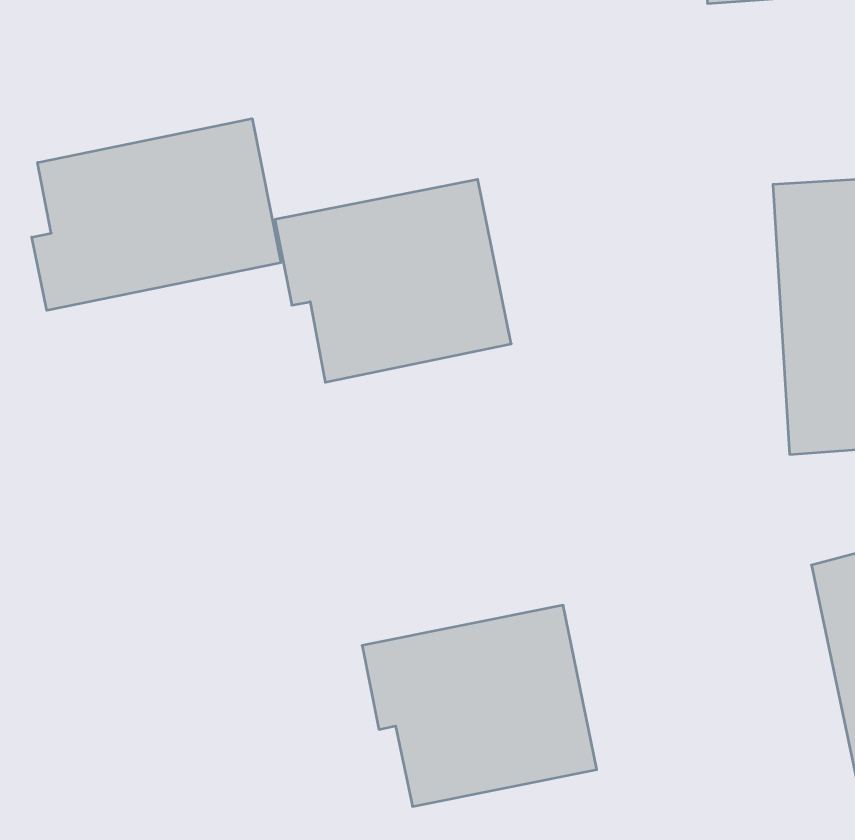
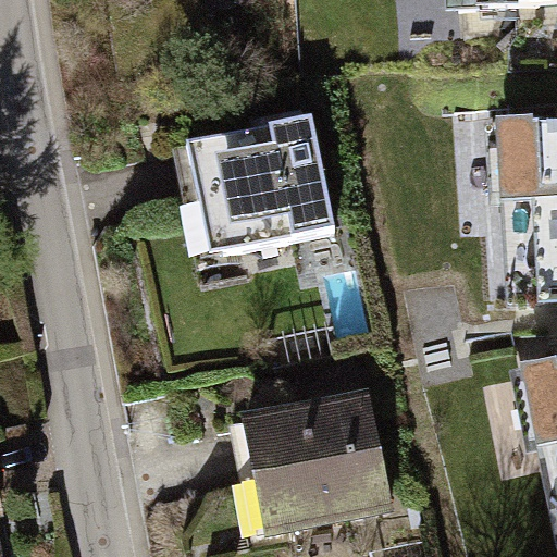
building: [32,119,281,310] -> none

